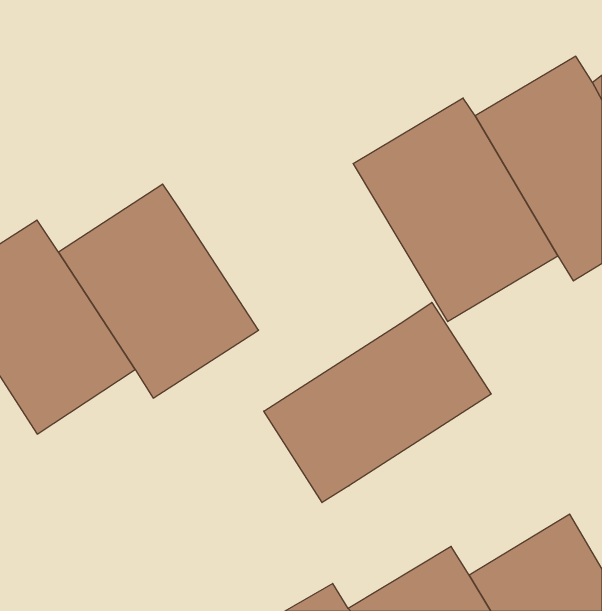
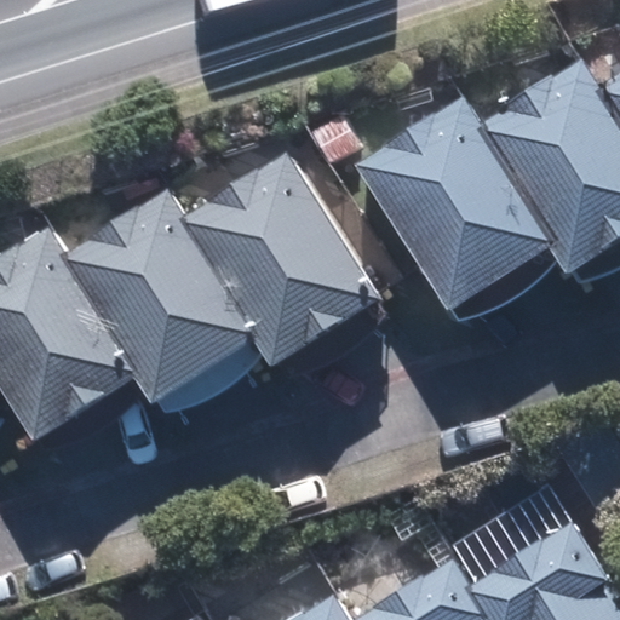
building: none -> [180,143,386,369]
building: [264,302,491,503] -> none

